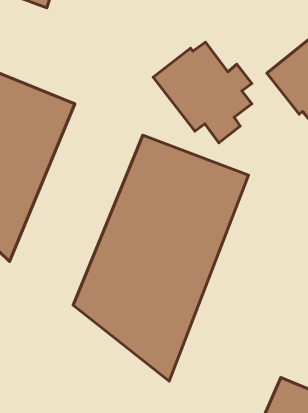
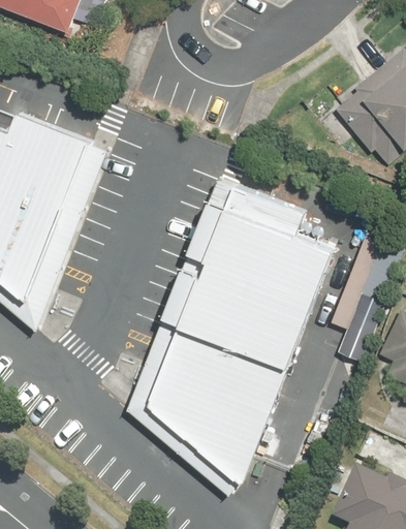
building: [153,42,252,143] -> none

